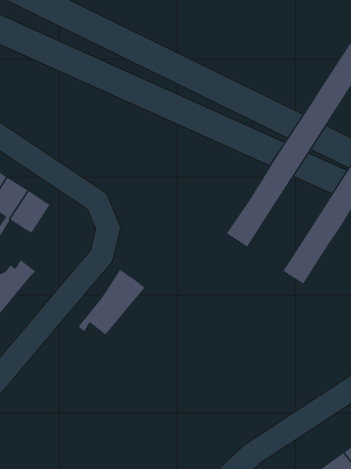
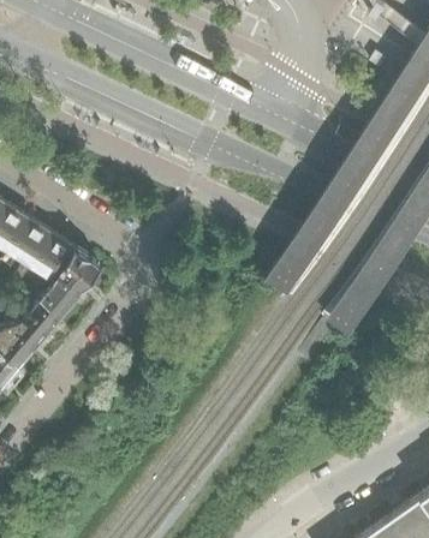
building: [78,269,145,335] -> [30,247,103,319]

